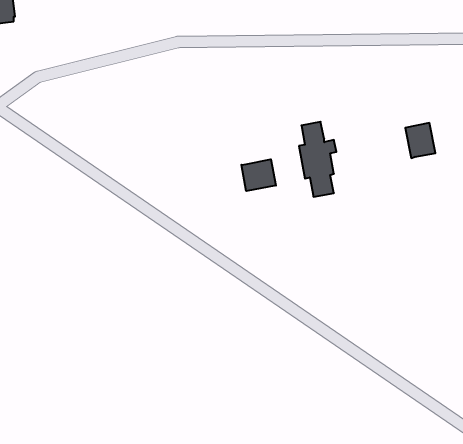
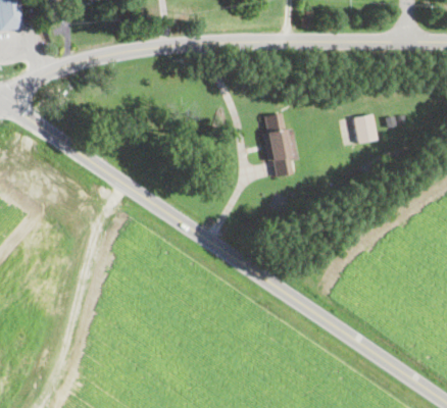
building: [241,159,276,191] -> none

